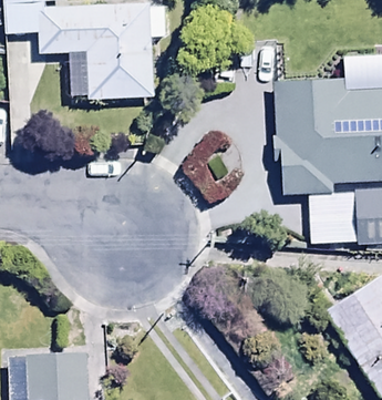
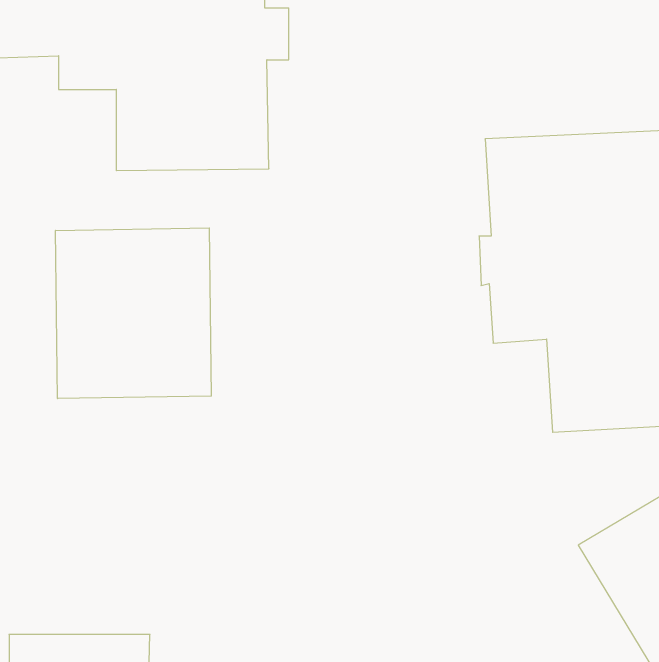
building: none -> [56,228,211,399]

